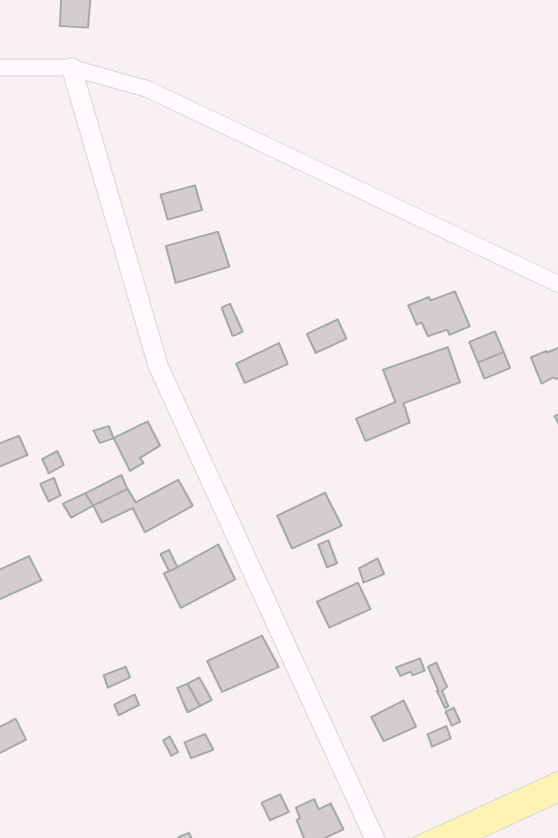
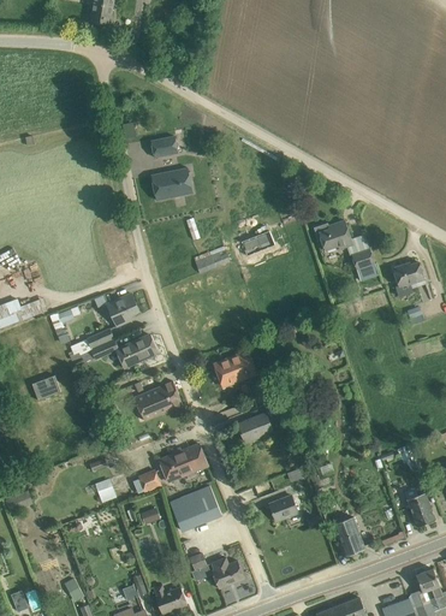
building: [356,347,460,441] -> none
building: none -> [171,485,221,531]
building: none -> [333,517,364,556]

